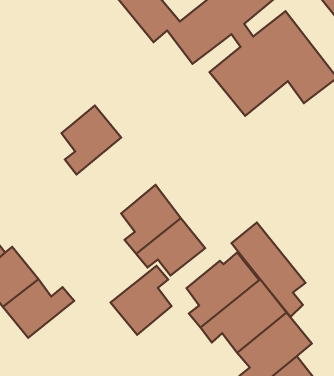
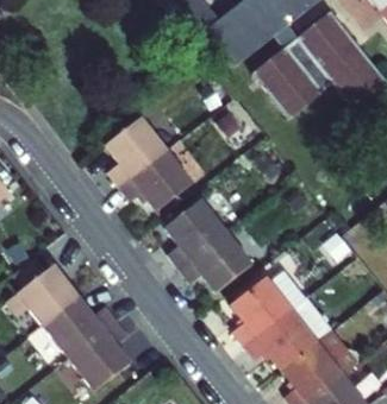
building: none -> [117,147,191,209]
building: [232,223,305,317] -> none
building: [111,266,172,335] -> [67,316,130,387]

